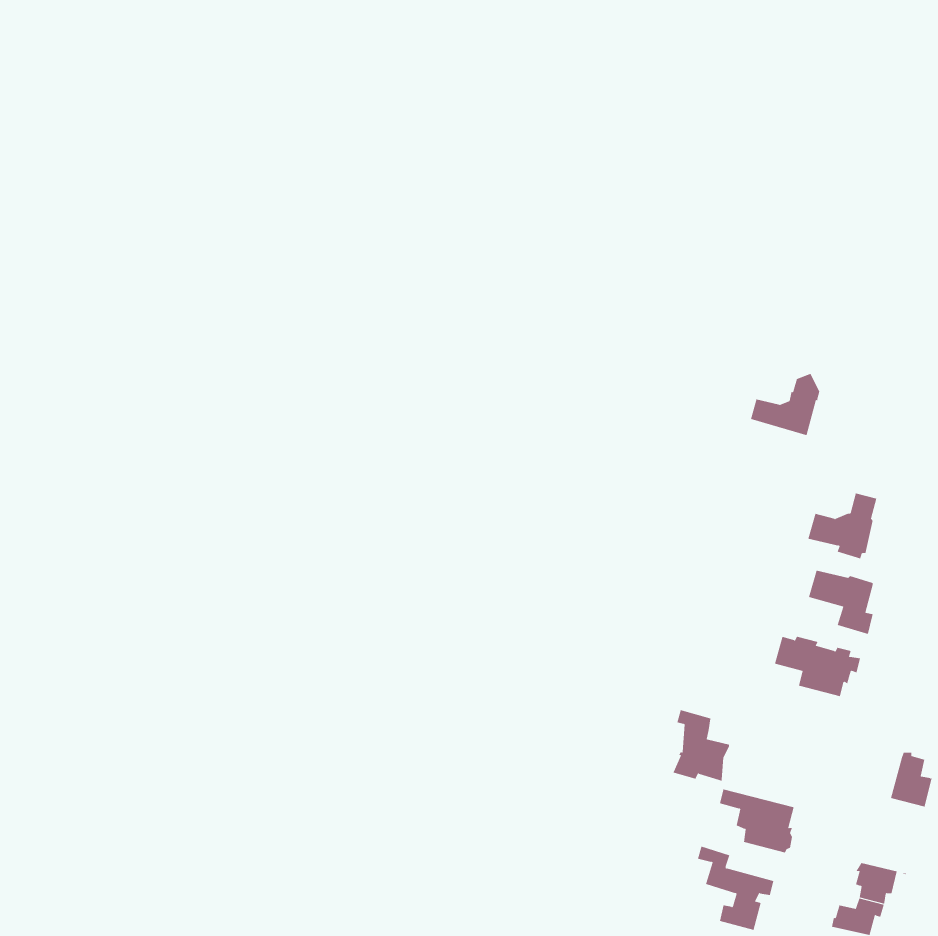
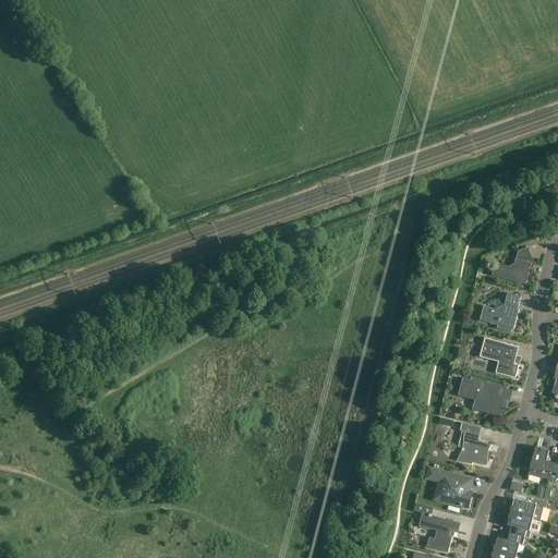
building: [750,373,820,436] -> [490,246,532,283]
building: [671,710,730,781] -> [456,422,490,464]
building: none -> [510,494,547,519]

